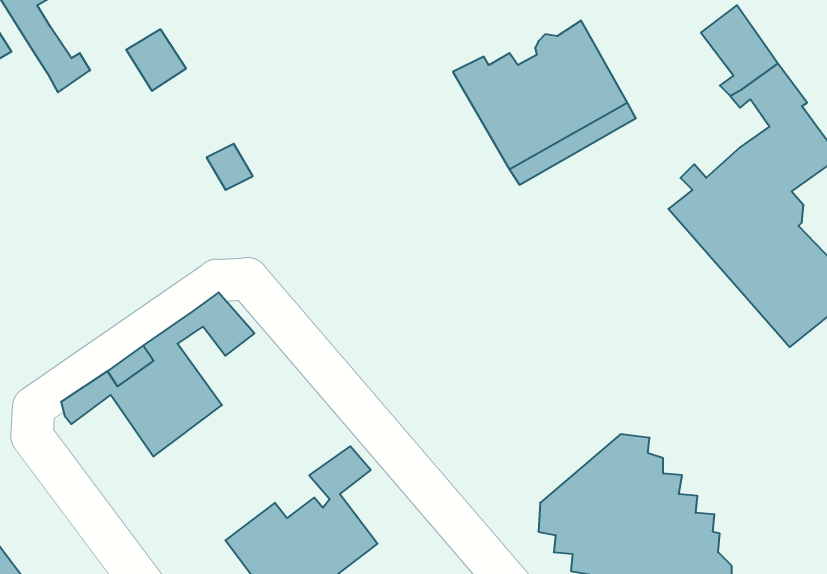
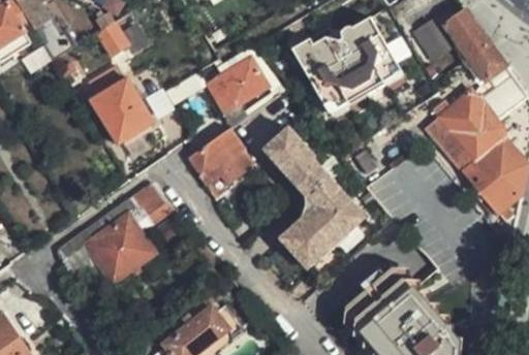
building: none -> [409,19,450,63]
building: none -> [205,57,269,111]
building: none -> [91,80,154,144]
building: none -> [186,127,254,183]
building: none -> [266,128,367,268]

